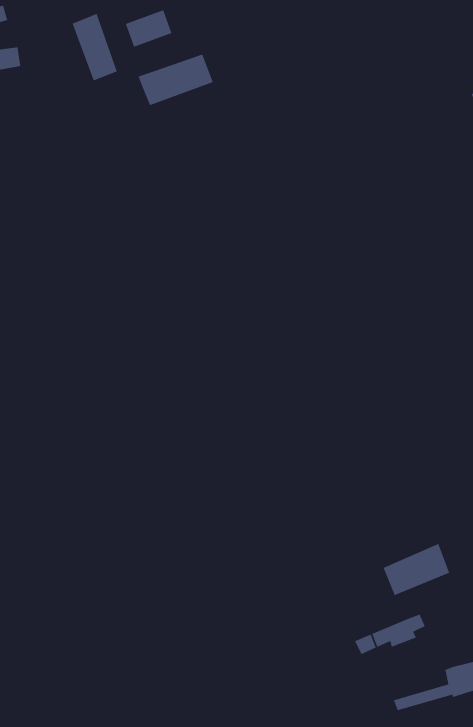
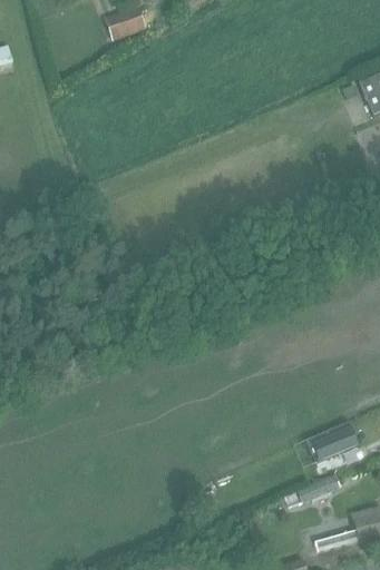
building: [72,13,118,81] -> none
building: [137,53,214,106] -> none

